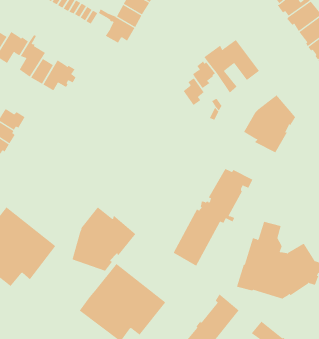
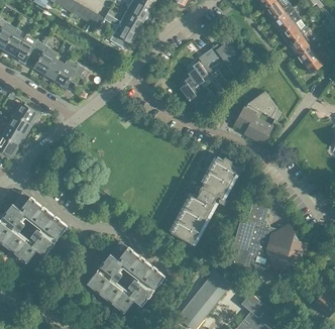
building: [72,207,136,271] -> none

